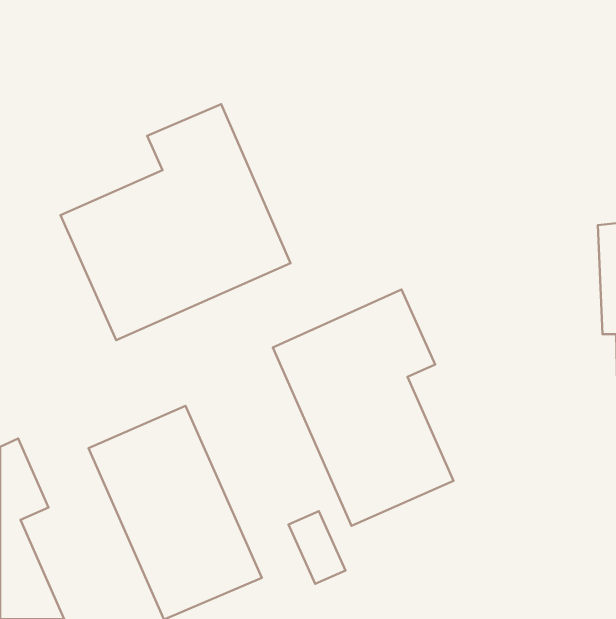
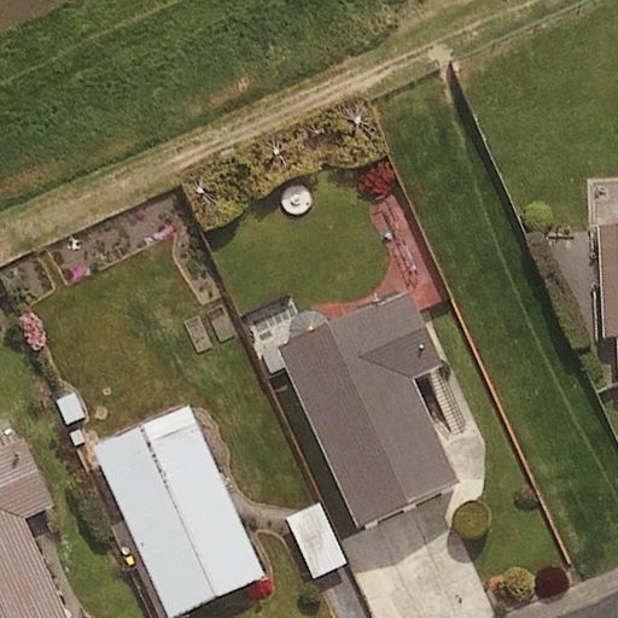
building: [61,104,290,340] -> none

